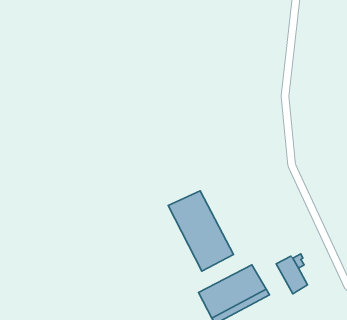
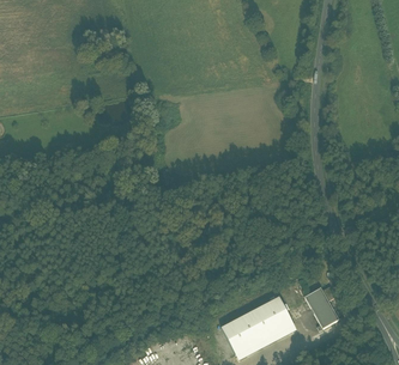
building: [168,191,234,271] -> none

